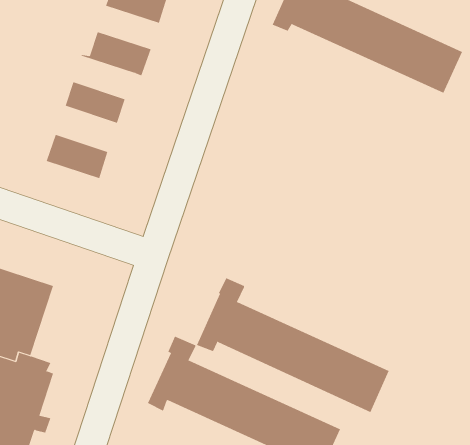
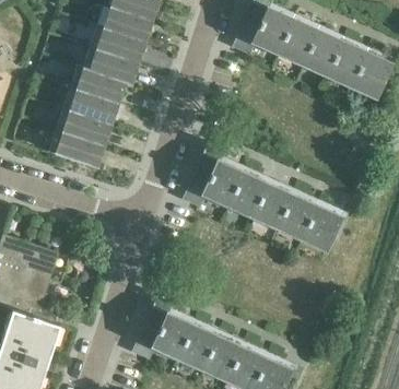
building: none -> [95,26,145,61]
building: none -> [75,67,126,102]
building: none -> [61,107,112,144]
building: [196,278,390,413] -> [185,141,341,250]

